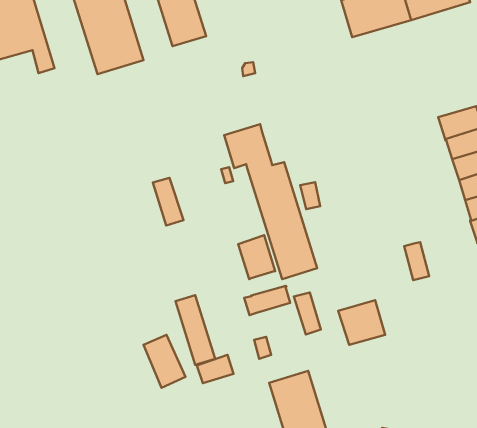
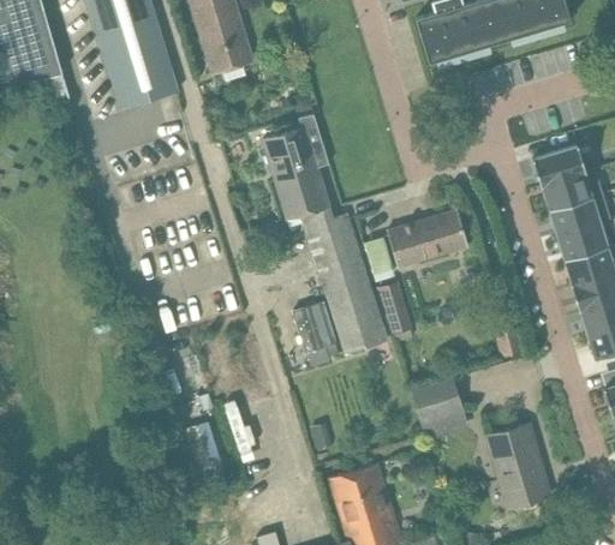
building: none -> [258,114,330,180]
building: none -> [387,209,468,266]
building: [153,178,183,225] -> none
building: [244,286,290,315] -> none
building: [294,292,321,334] -> [380,282,412,333]
building: none -> [489,424,549,507]
building: [197,355,233,383] -> none

